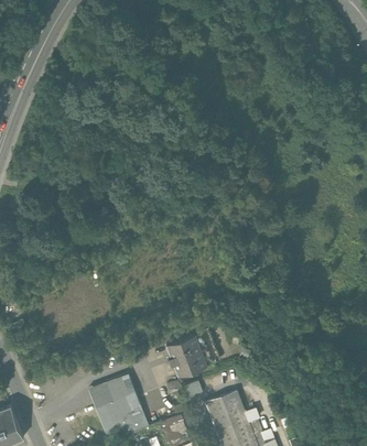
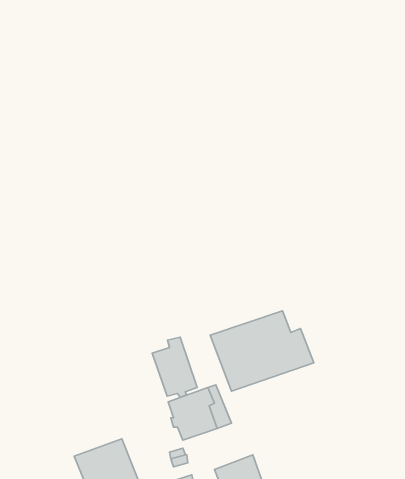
building: none -> [210,311,314,391]
building: none -> [152,337,197,398]

